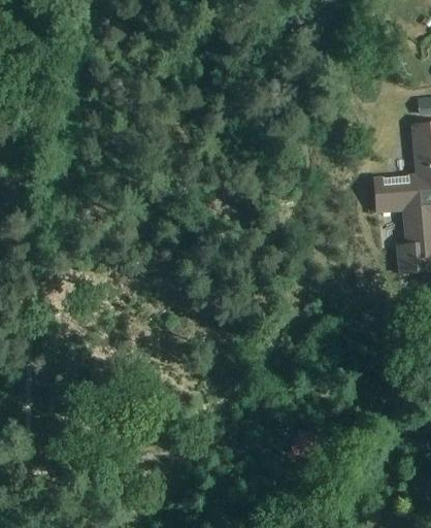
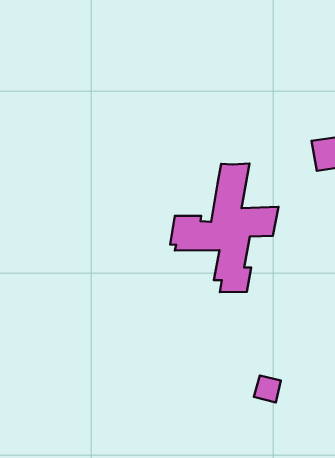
building: none -> [170,164,278,292]

